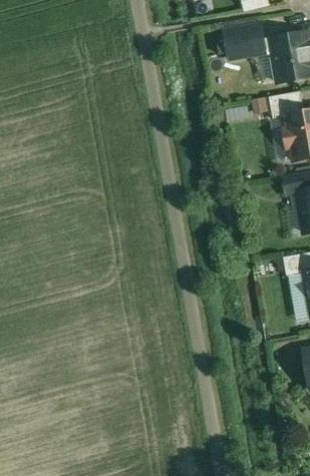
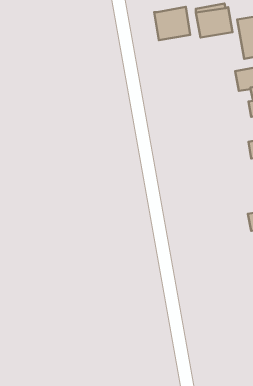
building: none -> [154,7,190,40]

